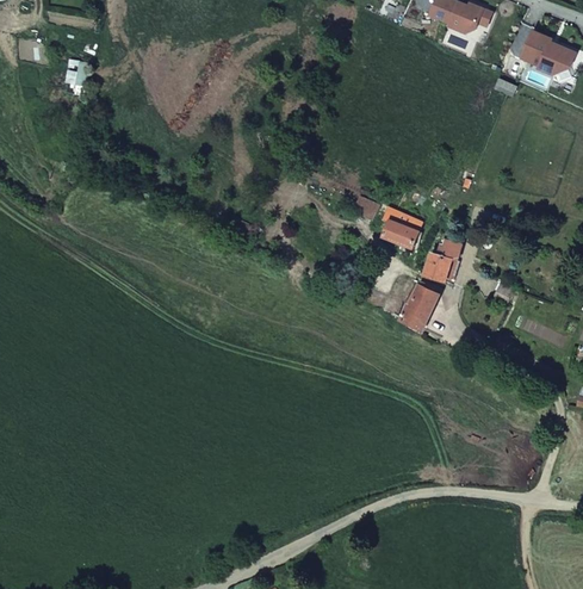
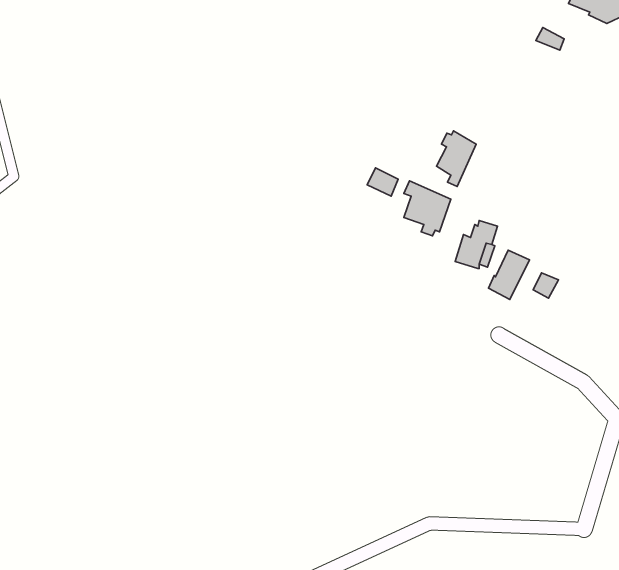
building: none -> [437,131,476,186]
building: [402,285,436,327] -> [488,250,530,300]

